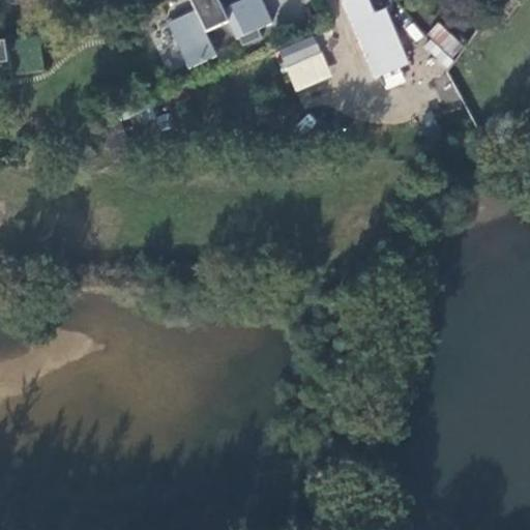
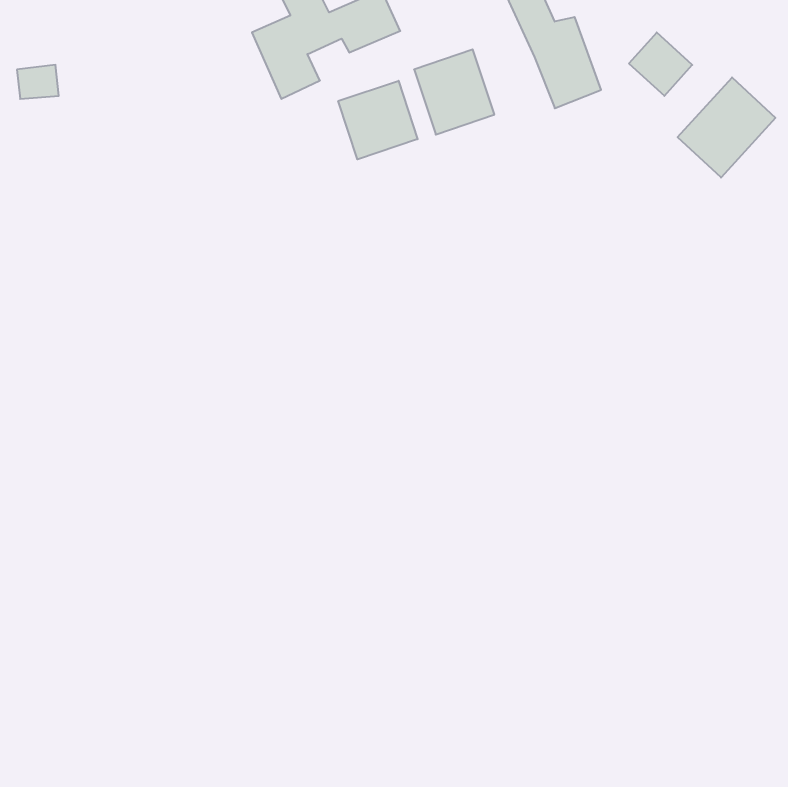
building: none -> [678,77,775,178]
building: none -> [338,81,418,159]

